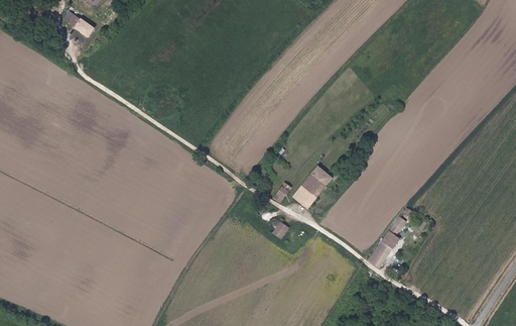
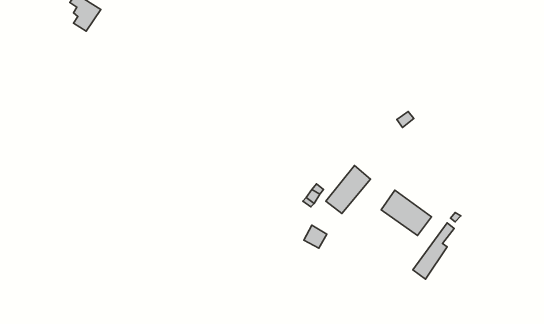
building: none -> [381,190,431,235]

